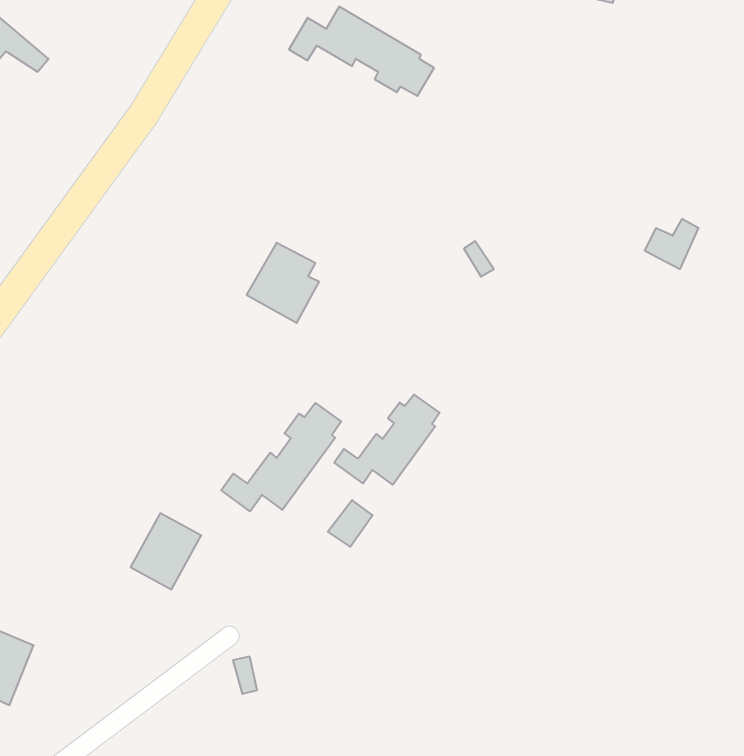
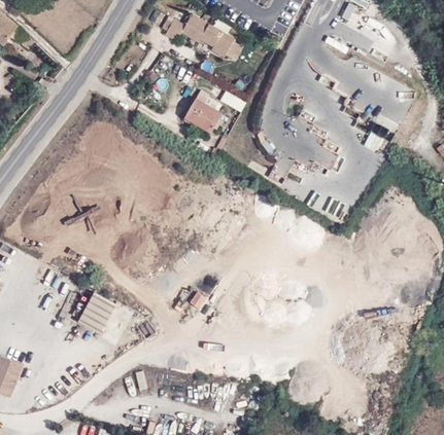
building: [247,243,319,323] -> [182,92,223,136]
building: [334,394,440,485] -> none
building: [221,403,341,511] -> none

